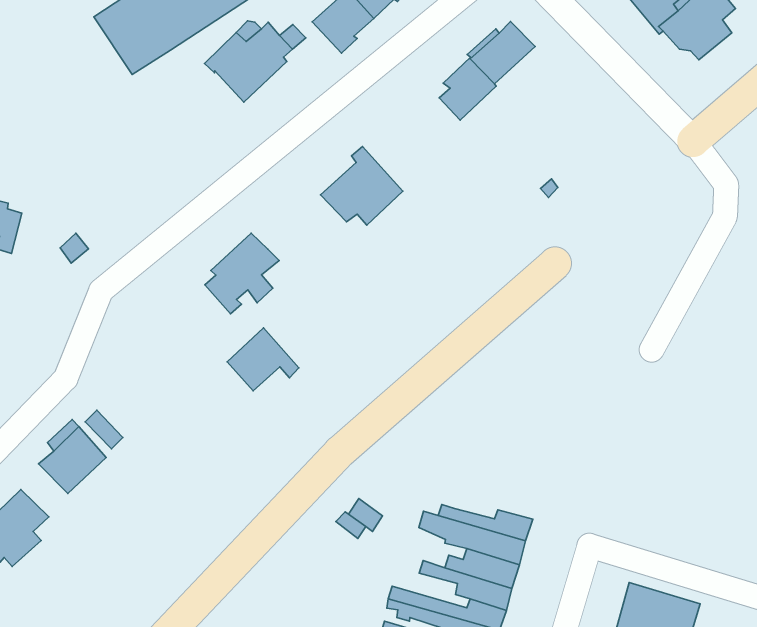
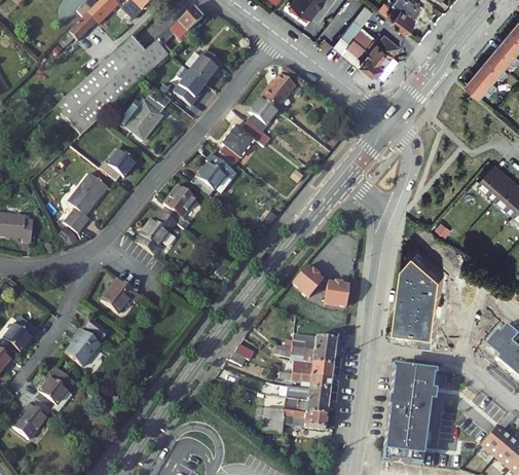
building: none -> [220,119,271,162]
building: none -> [100,147,137,179]
building: none -> [65,172,108,231]
building: none -> [164,184,196,228]
building: [227,328,299,391] -> [102,277,141,312]
building: none -> [292,265,322,295]
building: none -> [397,250,445,342]
building: none -> [324,281,348,305]

